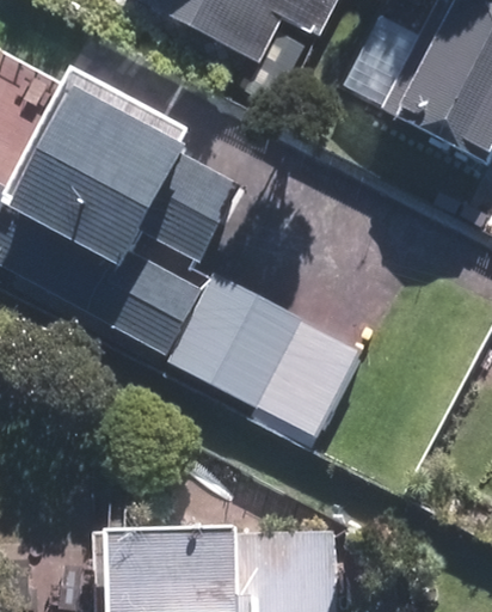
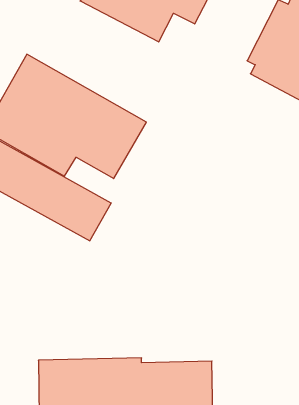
building: [168,279,359,446] -> none

